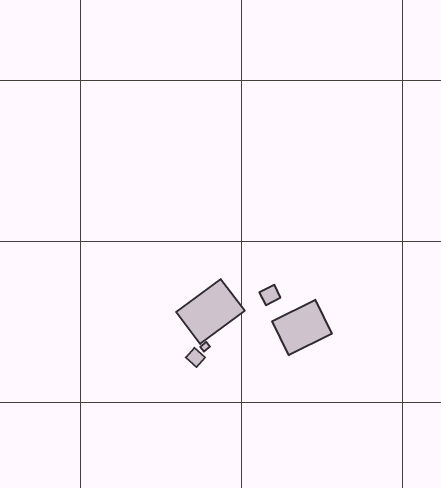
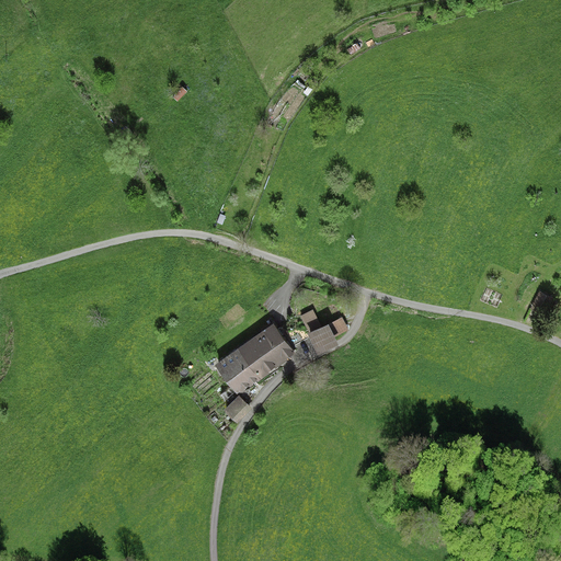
building: [272,300,332,355] -> none

